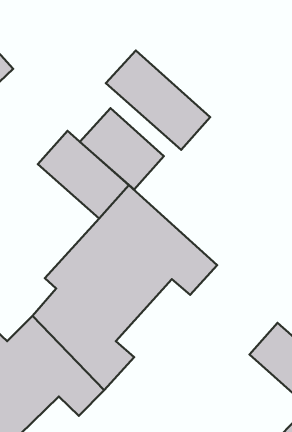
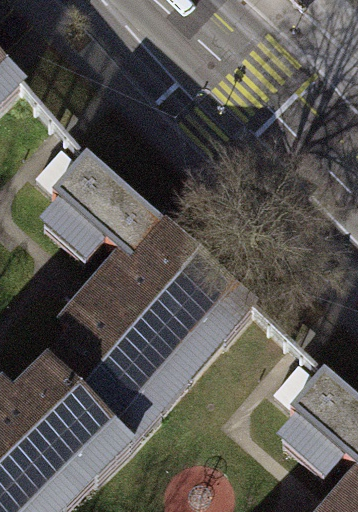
building: [106,51,210,150] -> none
building: [80,108,164,190] -> none

